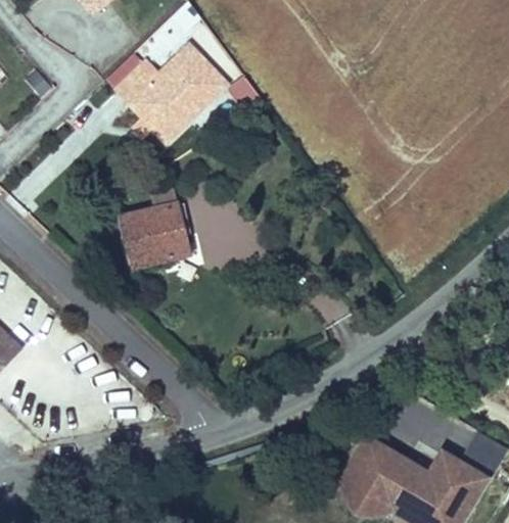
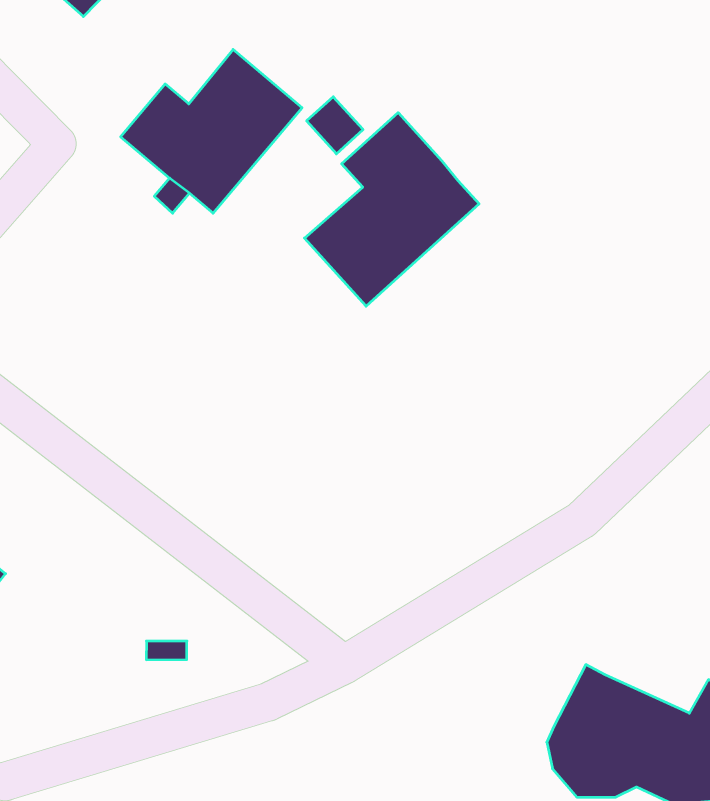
building: none -> [304,113,479,306]
building: [120,199,191,270] -> none

